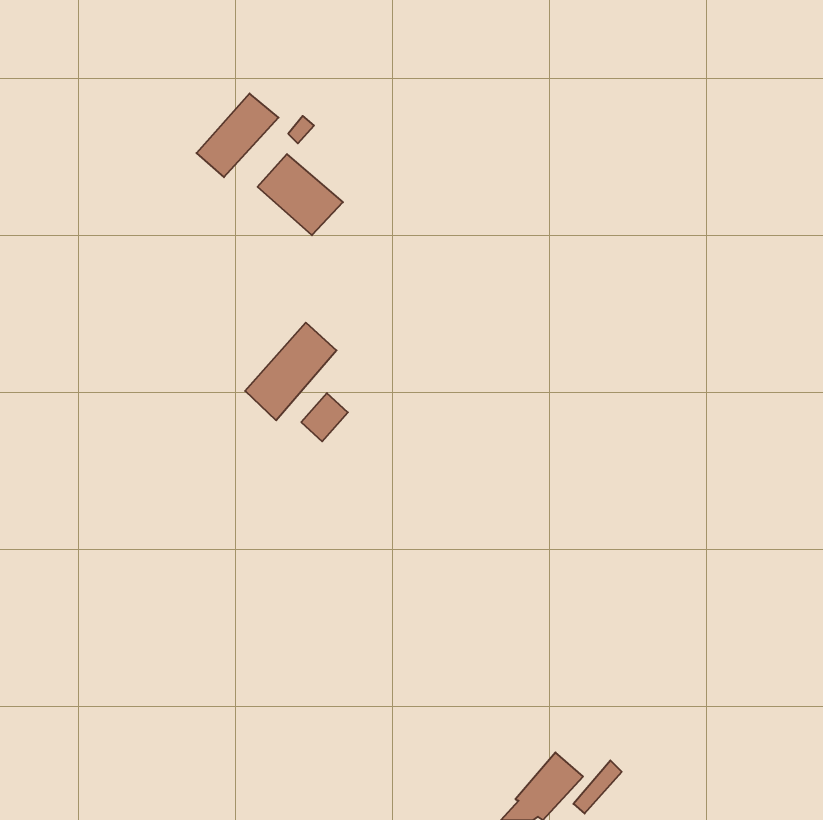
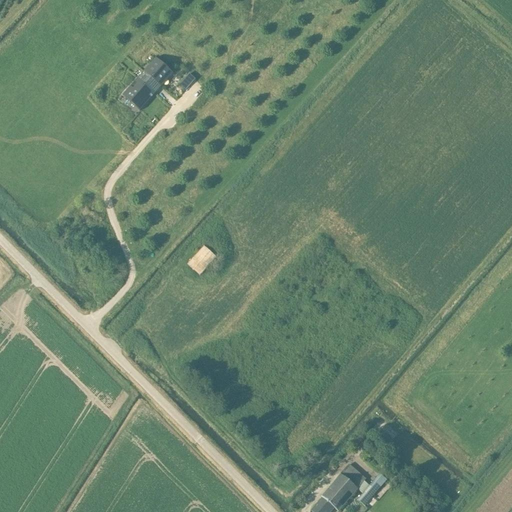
building: [258,154,343,235] -> none
building: [245,323,337,420] -> none

